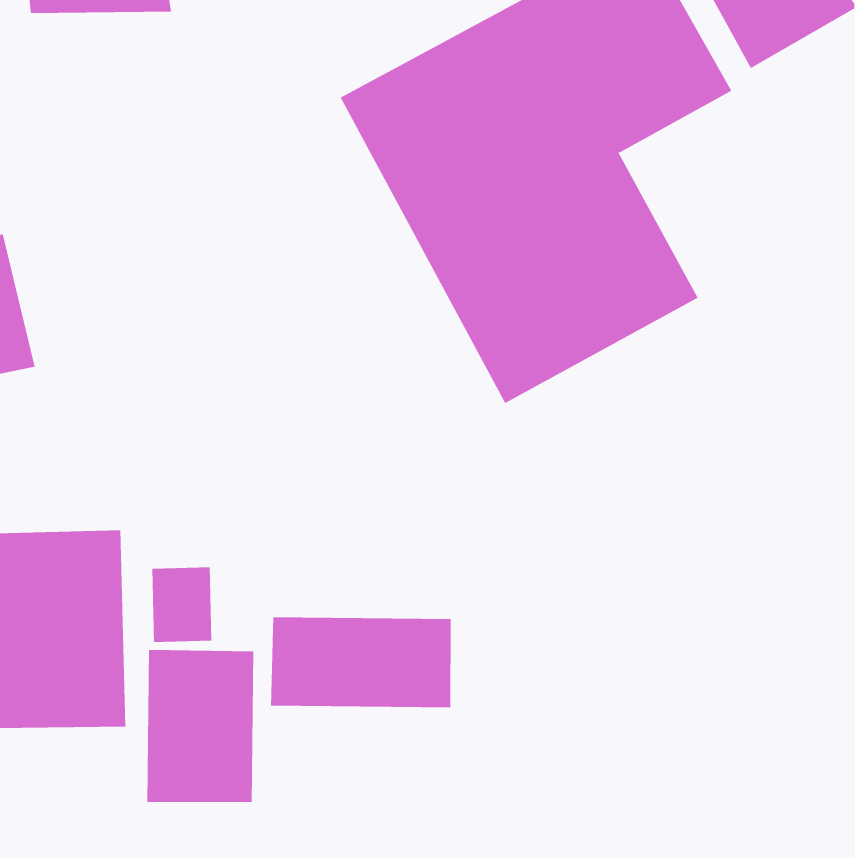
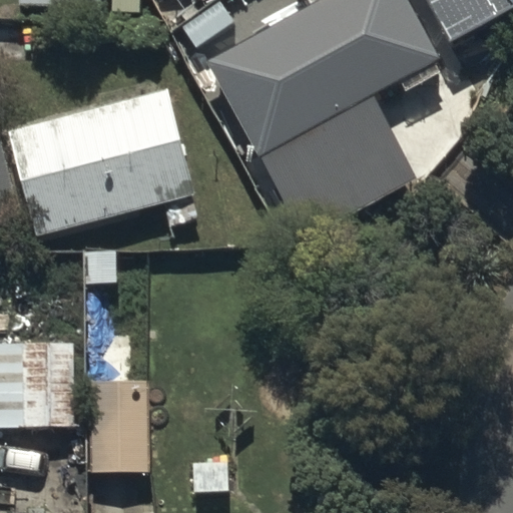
building: none -> [10,88,196,234]
building: [271,616,451,708] -> none

